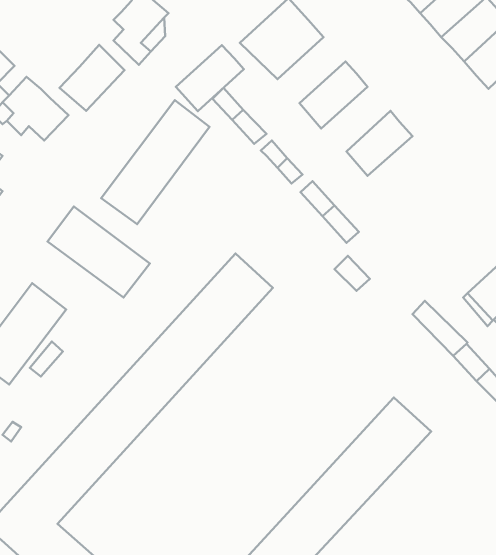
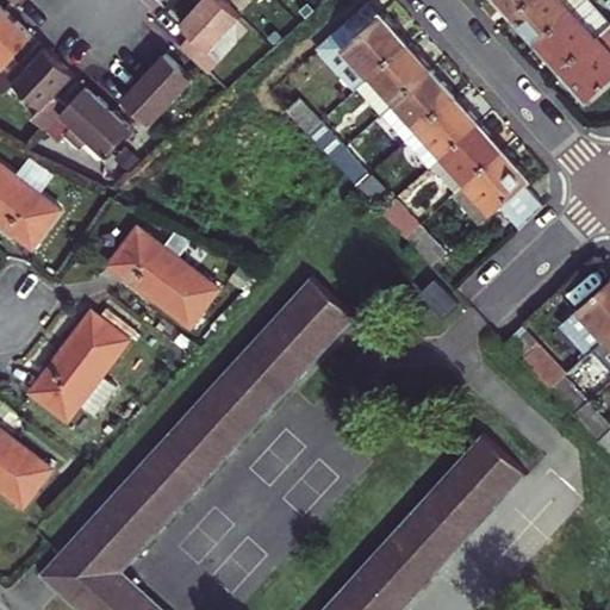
building: [176,45,244,111] -> [356,44,430,116]
building: none -> [404,98,479,169]
building: [101,100,210,224] -> none
building: none -> [453,151,542,229]

